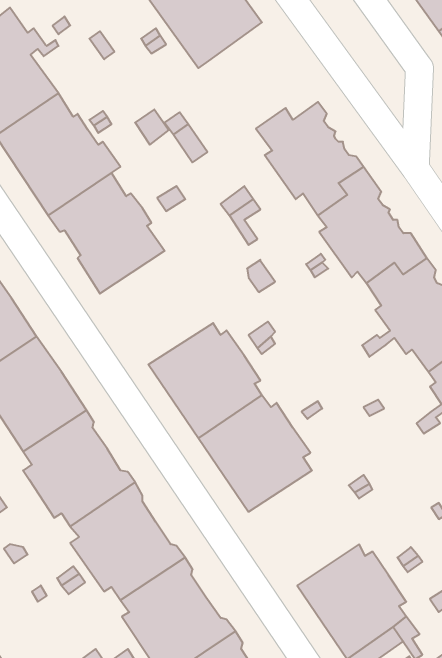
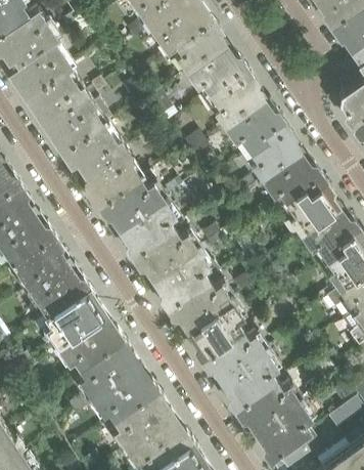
building: none -> [173,18,248,92]
building: none -> [97,172,191,256]
building: none -> [200,330,277,410]

